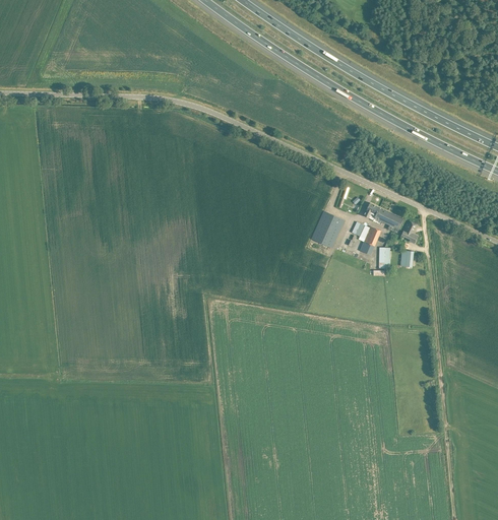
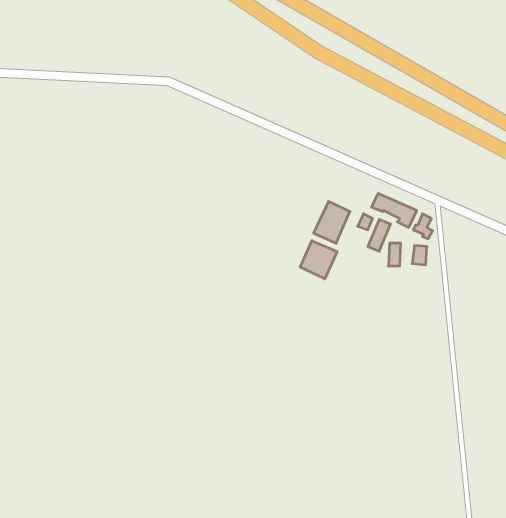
building: none -> [300,241,337,279]

